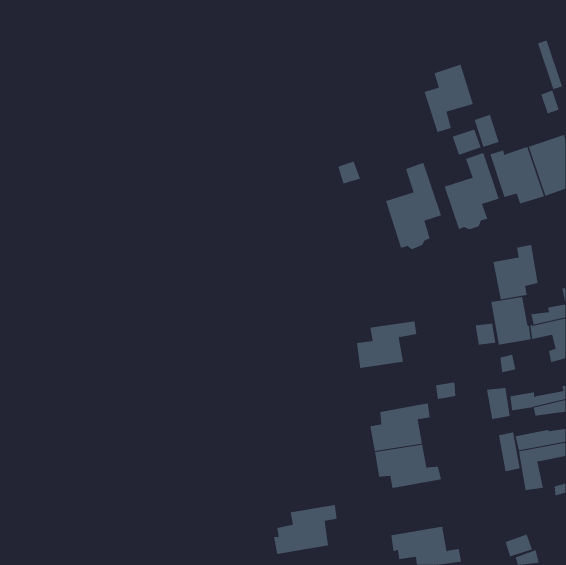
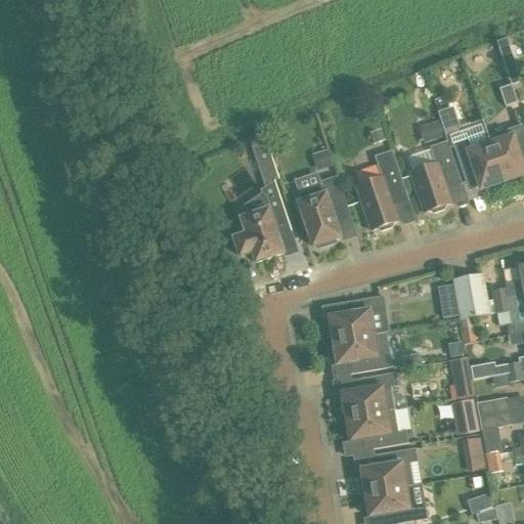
building: [424,64,474,133] -> none
building: none -> [233,141,291,261]
building: none -> [297,175,346,248]
building: [493,244,538,300] -> none
building: none -> [332,332,391,374]
building: none -> [461,437,486,473]
building: [273,504,338,554] -> [357,447,417,493]

